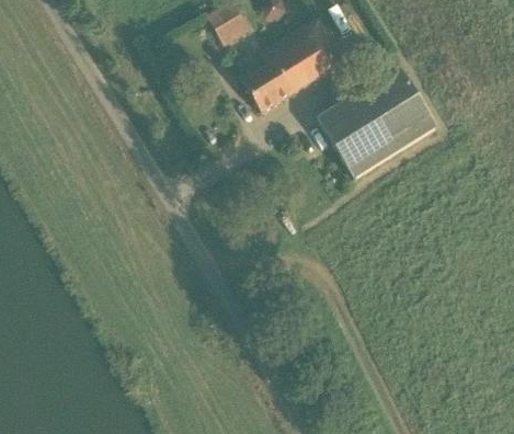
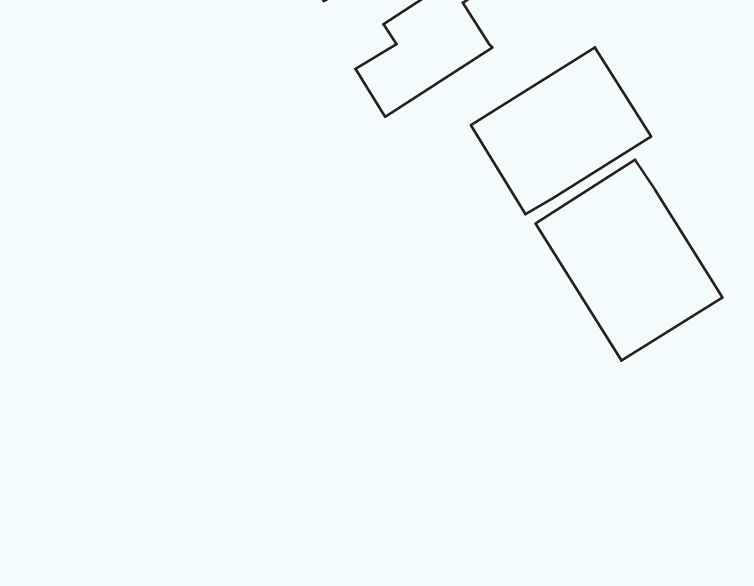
building: none -> [536,160,722,361]

